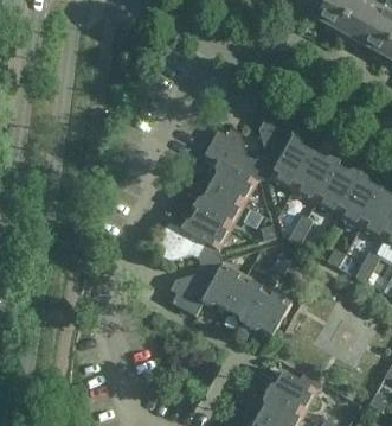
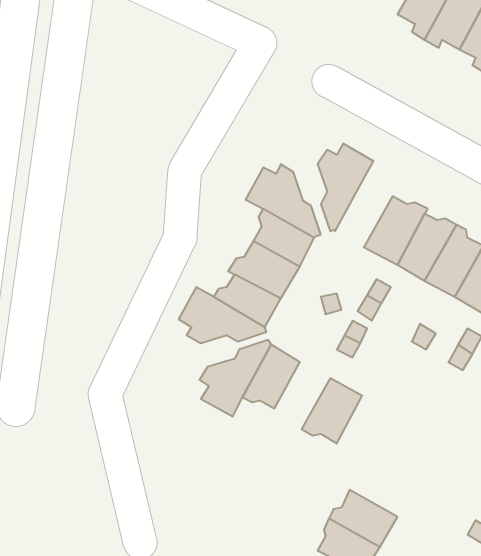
building: [271,136,314,190] -> none
building: [226,275,268,325] -> none

